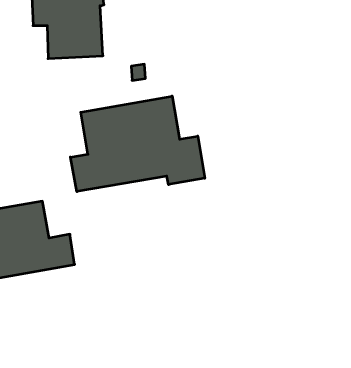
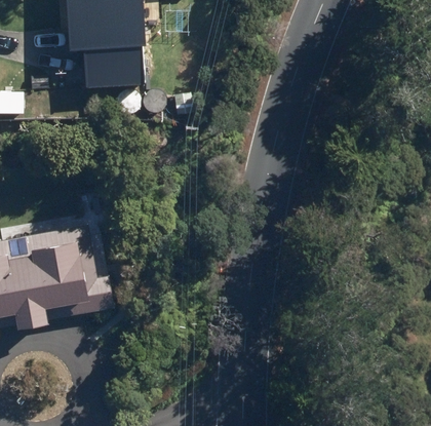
building: [70,96,205,192] -> none

